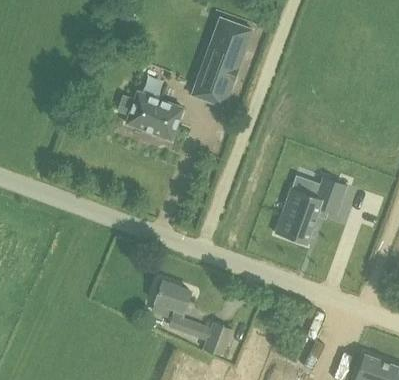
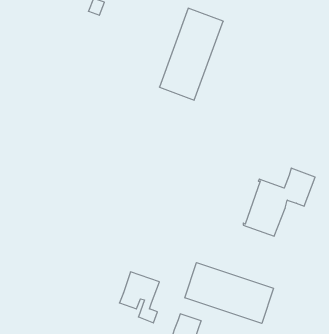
building: [117,91,182,139] -> none
building: none -> [185,263,273,323]

